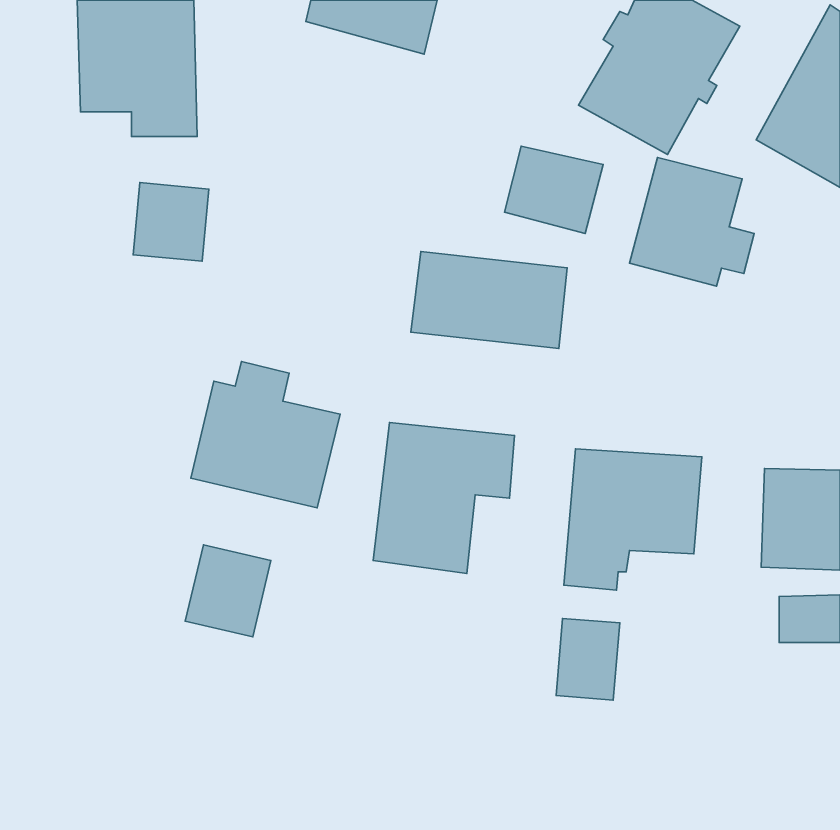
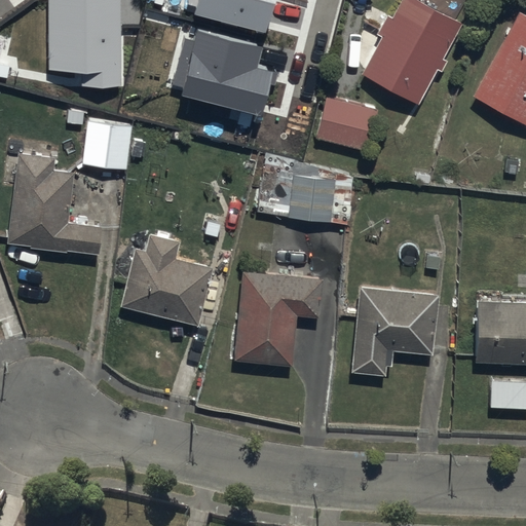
building: none -> [179,35,273,122]
building: [629,157,754,286] -> none
building: none -> [8,153,102,253]
building: [185,545,271,637] -> none
building: [556,618,620,700] -> none

